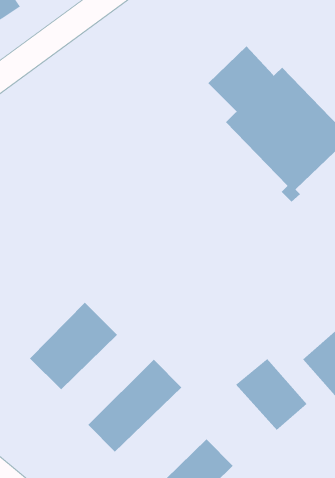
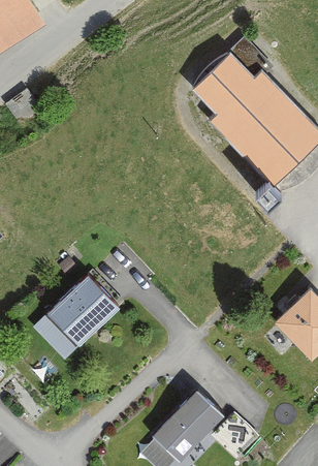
building: [235,358,307,431] -> none
building: [88,359,182,452] -> none

